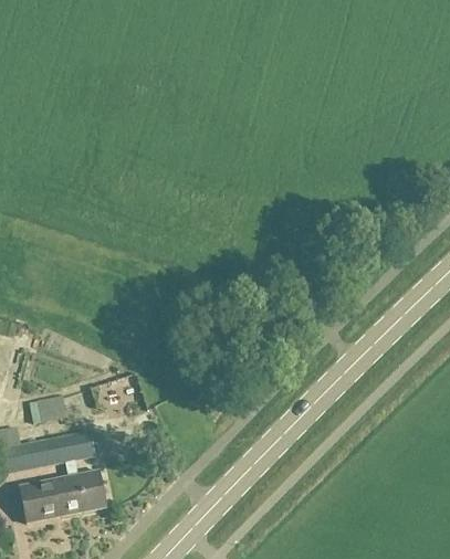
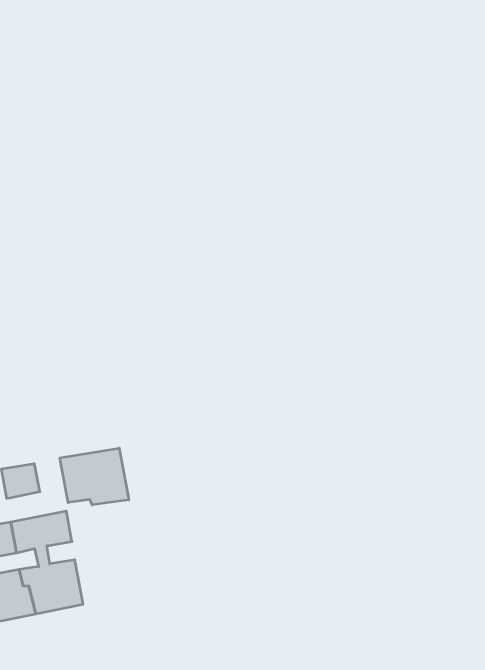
building: none -> [60,448,129,505]

